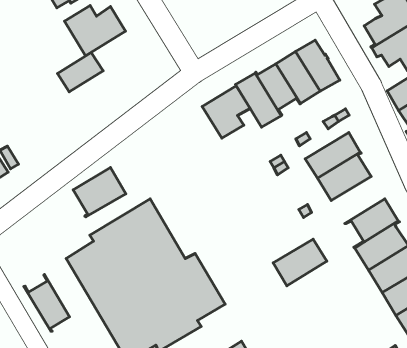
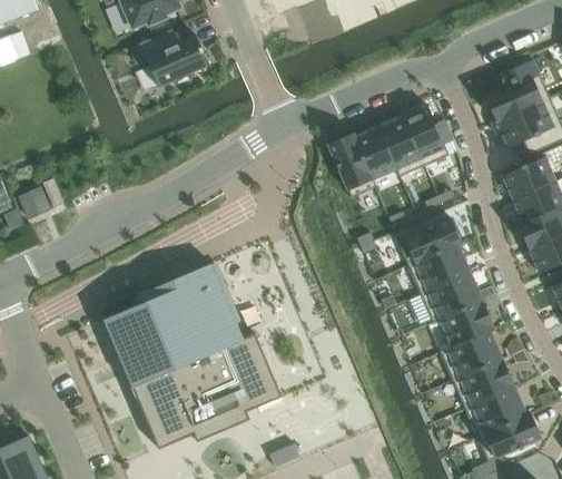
building: [57,52,103,92] -> none
building: [202,86,250,138] -> none
building: [73,168,126,217] -> none
building: [273,239,327,286] -> [421,272,483,322]
building: [24,275,70,331] -> none

